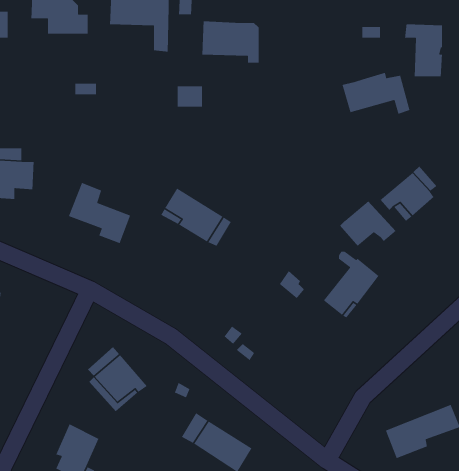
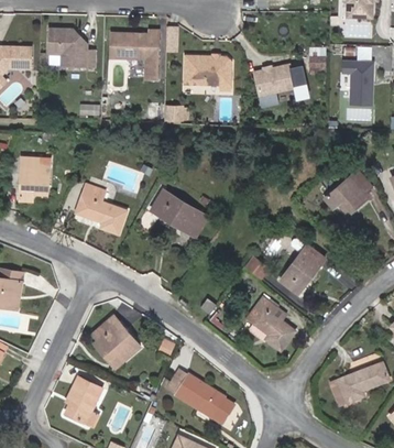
building: [341,72,410,115] -> [253,63,308,97]
building: [339,201,396,247] -> none
building: none -> [247,296,295,349]

